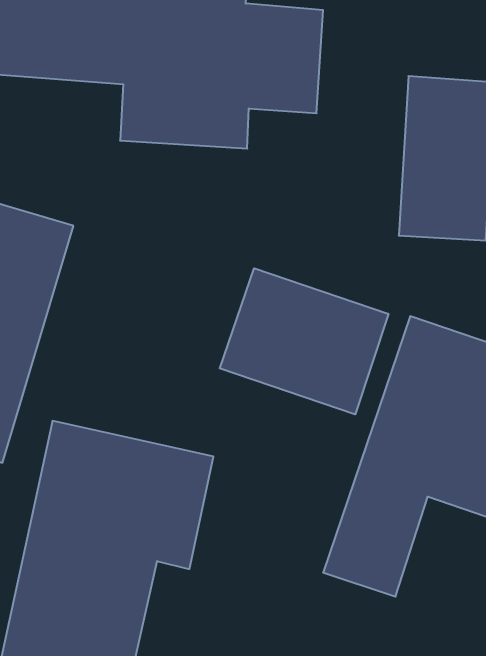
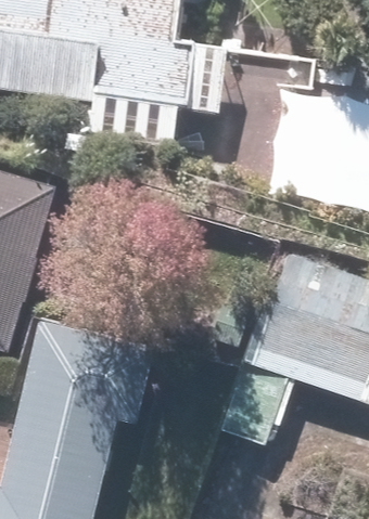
building: [220,268,388,414] -> none

